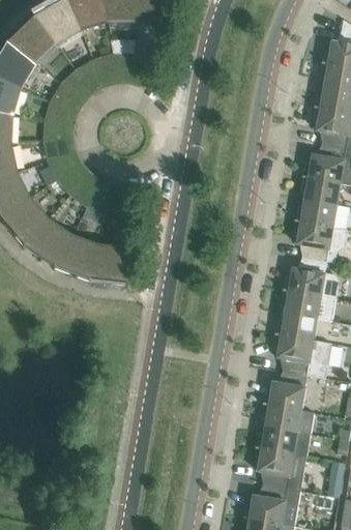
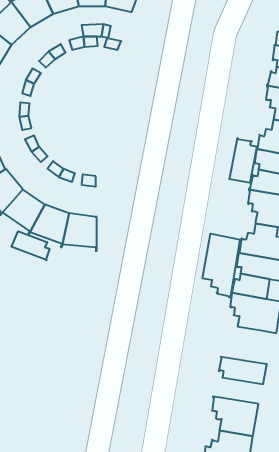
building: none -> [230,138,257,183]
building: none -> [11,231,50,260]
building: none -> [202,234,240,298]
building: [264,371,308,410] -> none
building: [256,426,311,455] -> none

